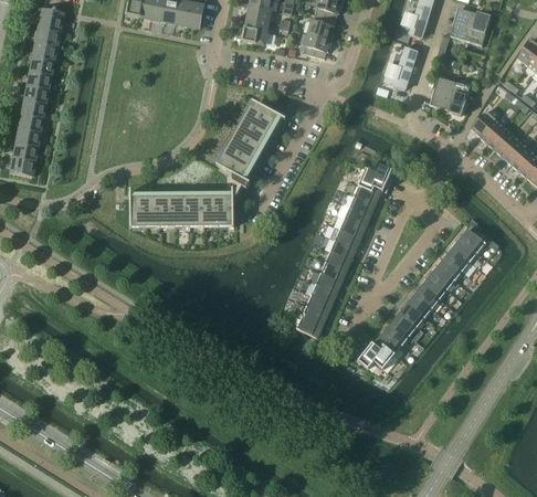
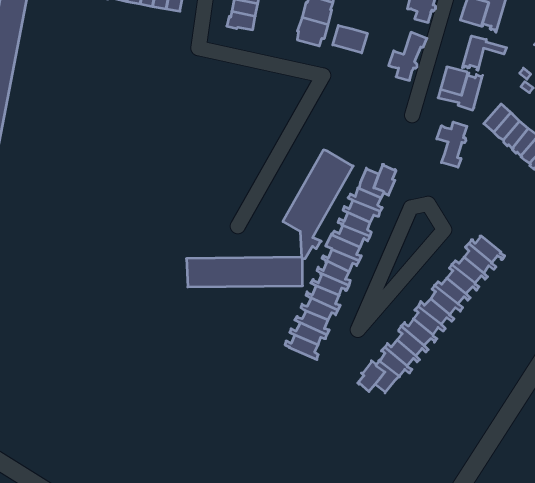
building: none -> [333,25,367,53]
building: none -> [462,36,507,70]
building: [130,99,280,222] -> [186,150,353,287]
building: none -> [437,122,467,167]

